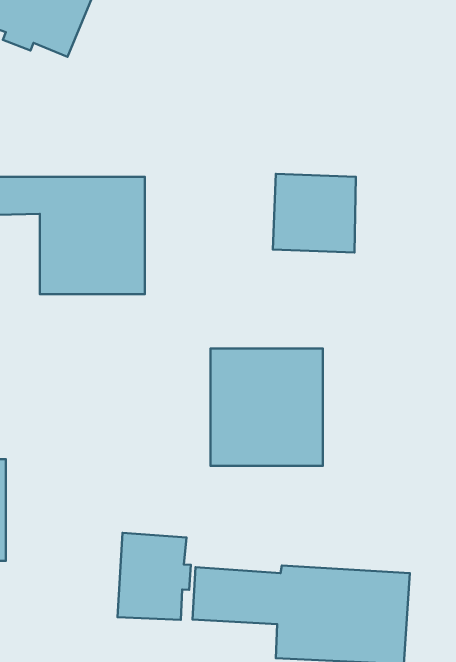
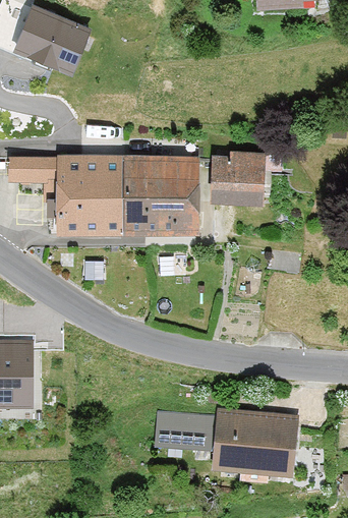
building: [210,349,323,466] -> [124,156,198,233]
building: [117,533,191,620] -> none

